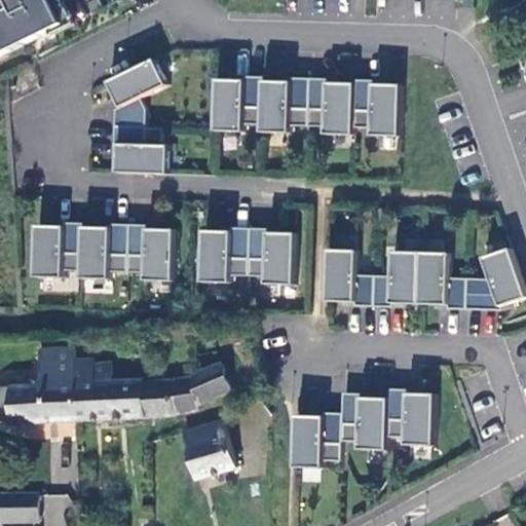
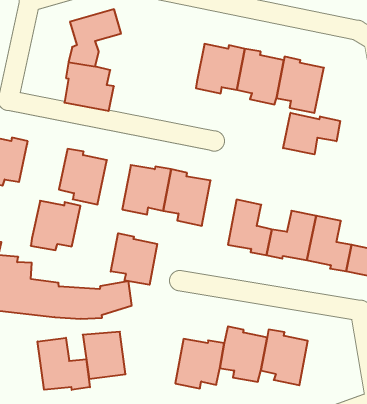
building: [212,76,259,132] -> none
building: none -> [283,113,340,154]
building: [77,223,125,278] -> [31,201,80,250]
building: none -> [111,233,157,285]
building: none -> [38,338,90,390]

